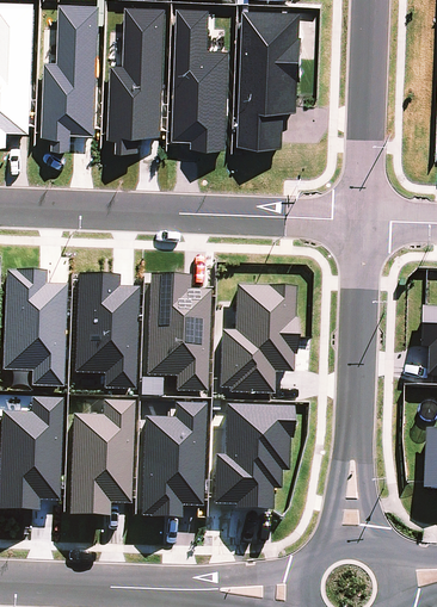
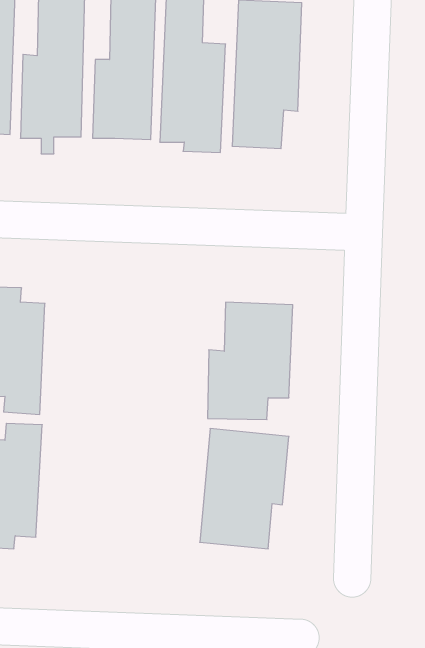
building: [69,272,136,390] -> none
building: [139,273,209,392] -> none
building: [64,399,133,516] -> none
building: [136,403,203,519] -> none

